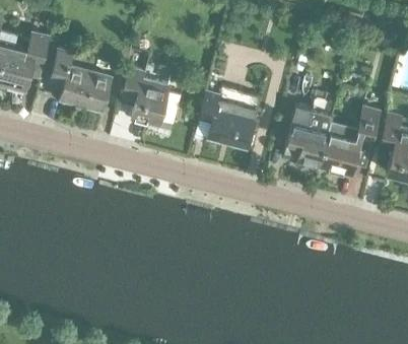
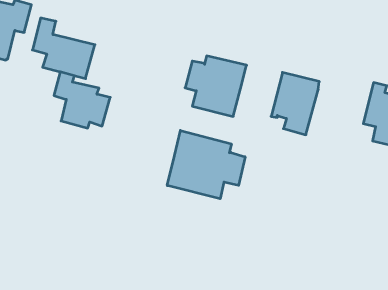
building: [125,70,181,126] -> [54,72,110,128]
building: [321,108,381,175] -> none
building: none -> [167,130,245,199]

